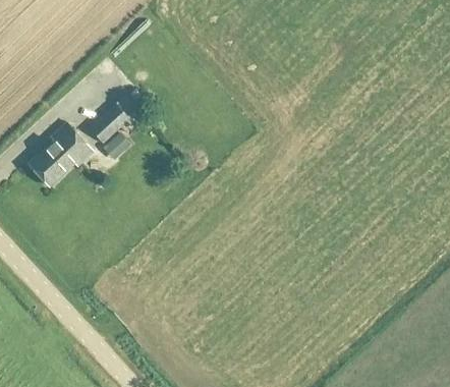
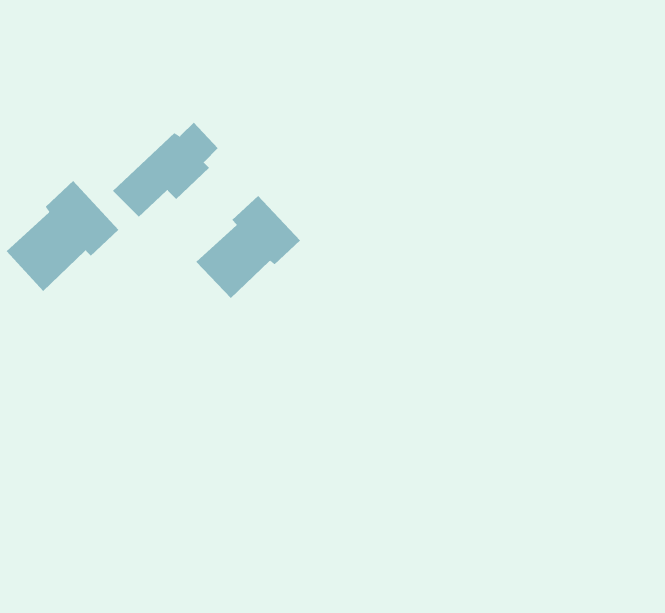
building: none -> [196,195,301,299]

